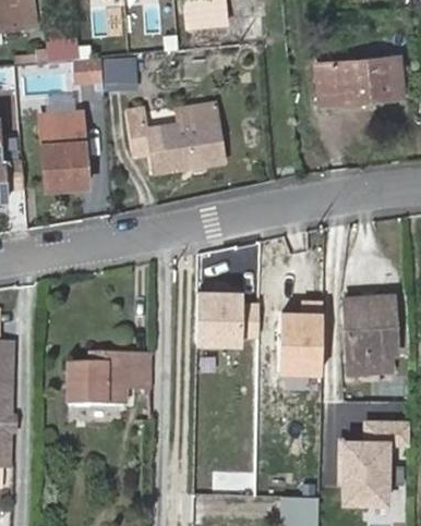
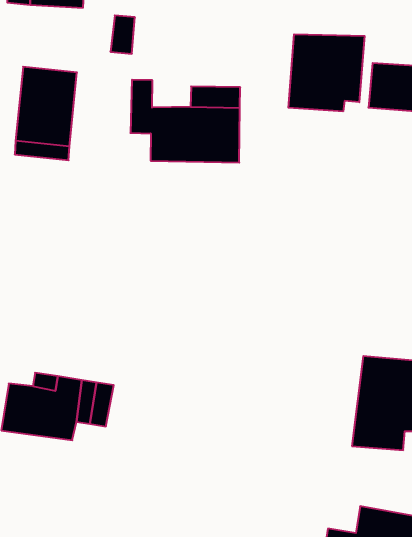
building: none -> [288,34,365,111]
building: [197,293,245,353] -> none
building: [279,311,325,378] -> none

